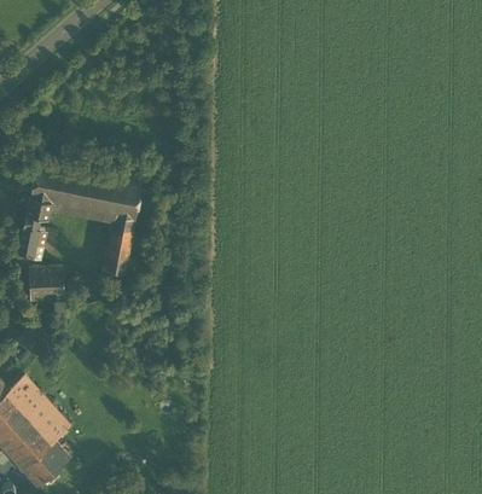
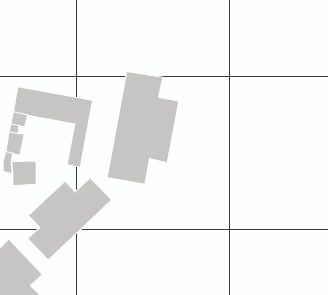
building: none -> [107,71,179,184]
building: none -> [27,178,112,260]

